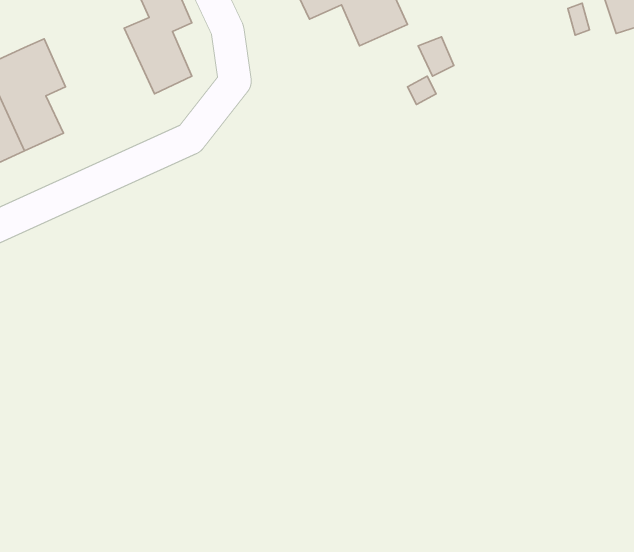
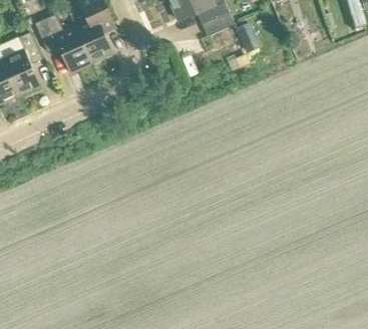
building: none -> [34,17,91,71]

